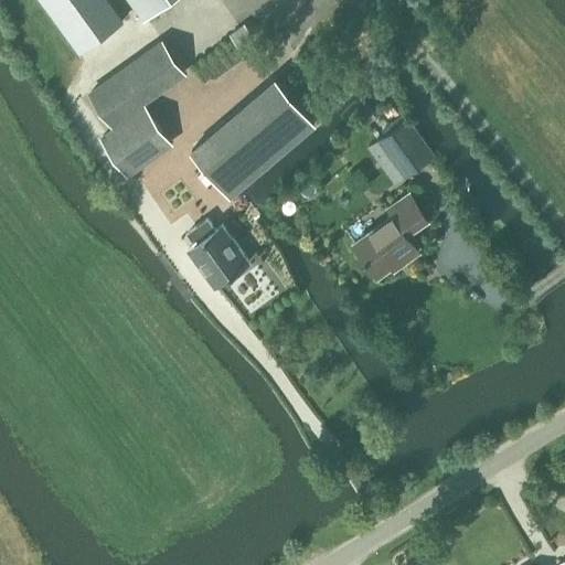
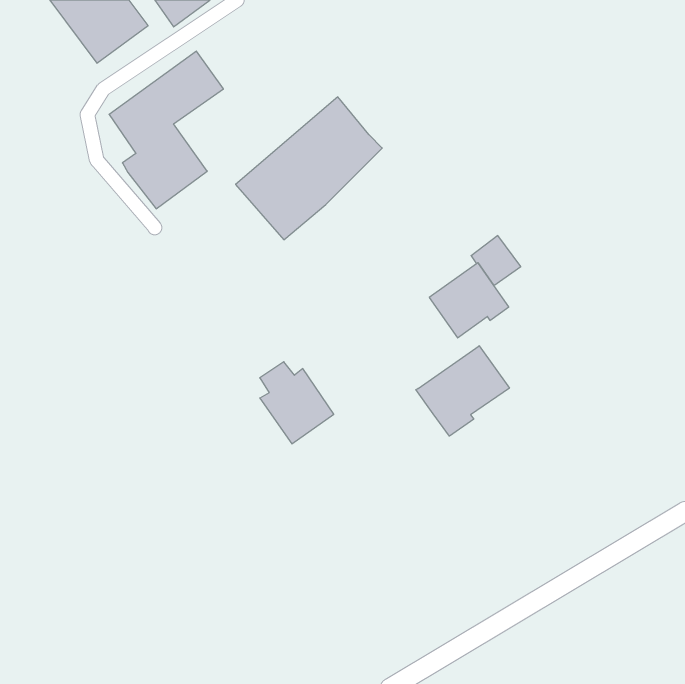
building: [376,120,433,179] -> none
building: [185,222,246,289] -> [260,362,334,444]
building: none -> [416,346,509,436]

